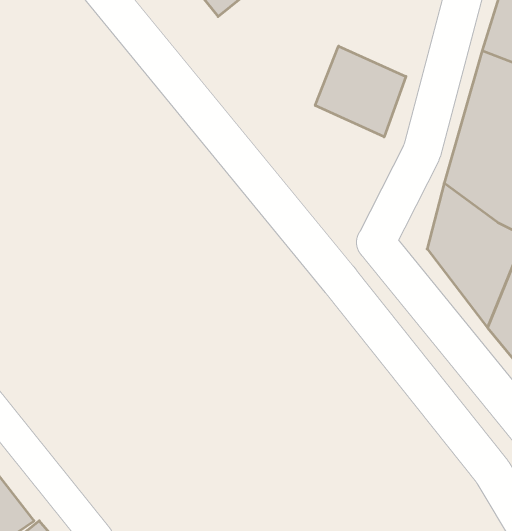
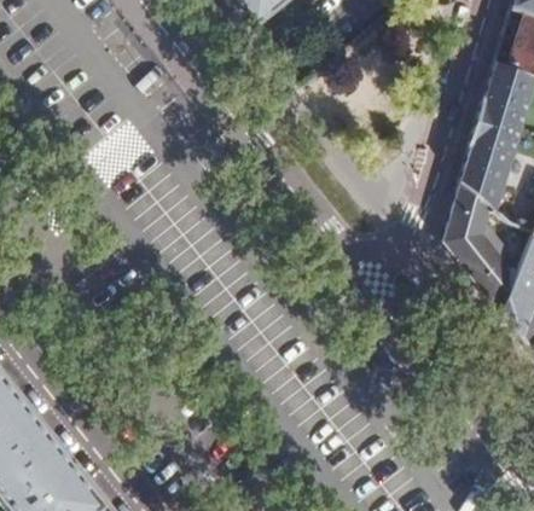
building: [315,46,406,137] -> none

